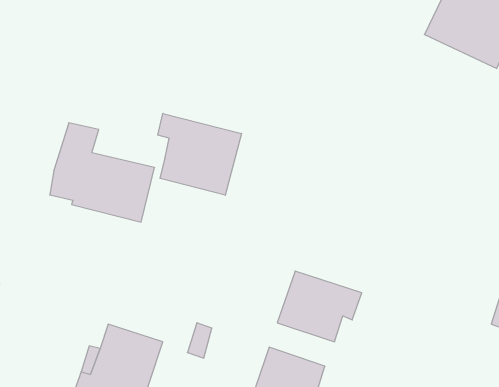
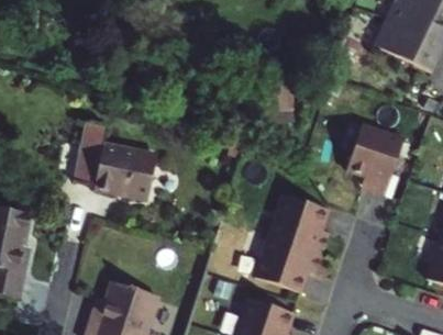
building: [158,113,242,195] -> none
building: none -> [346,124,405,197]
building: none -> [268,196,329,255]

